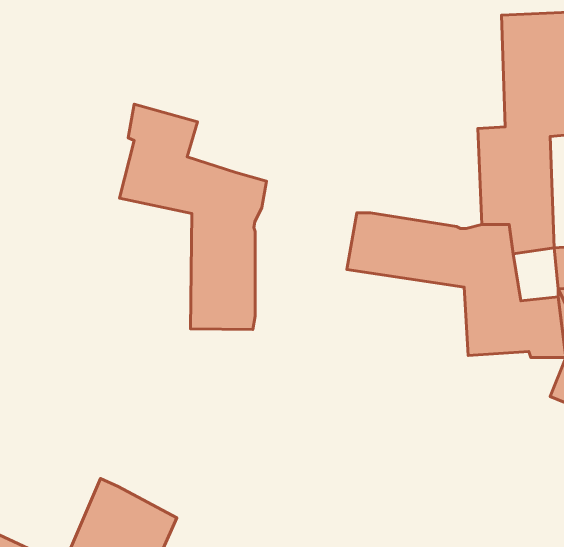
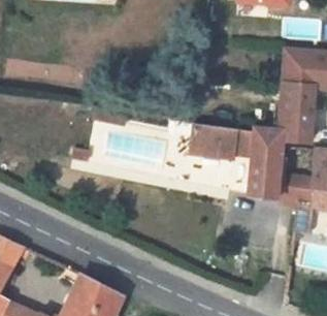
building: [119,104,266,329] -> none

